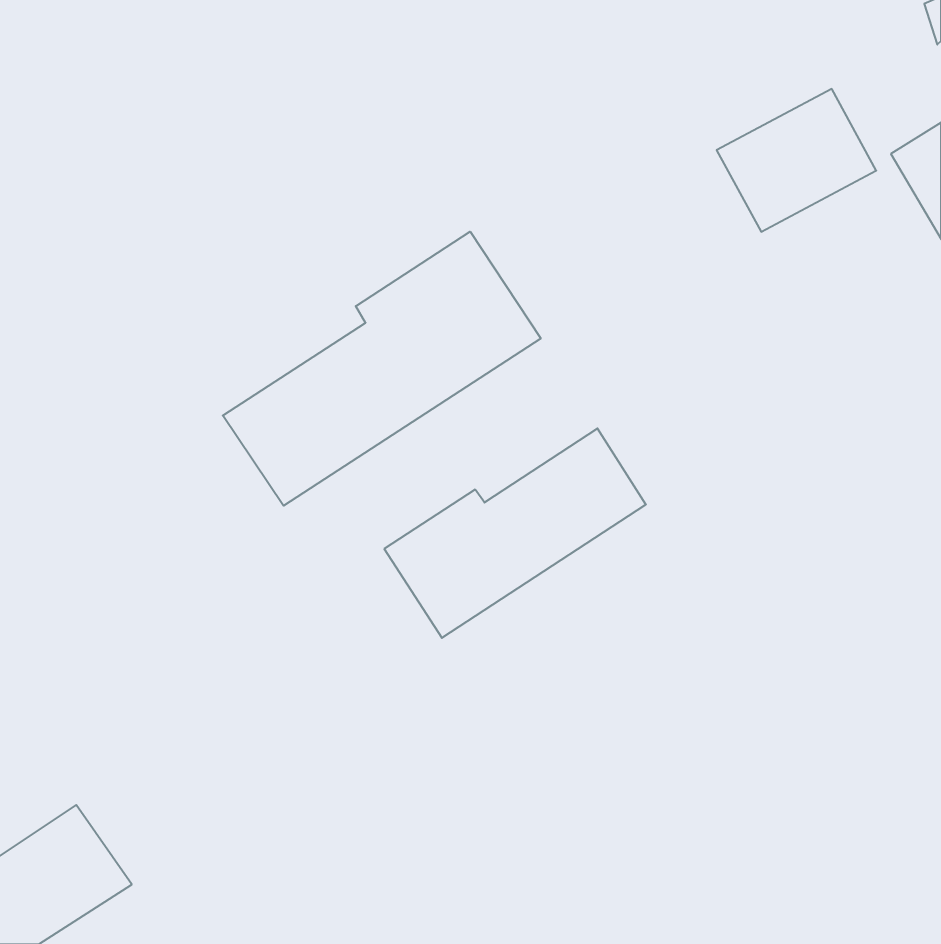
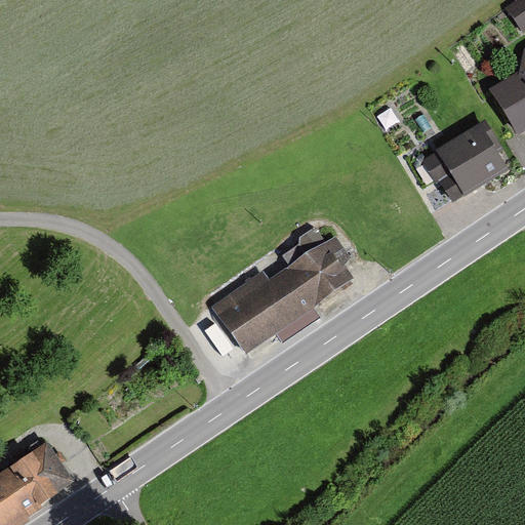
building: [717,89,876,232] -> [423,121,512,200]
building: [223,232,541,506] -> none

